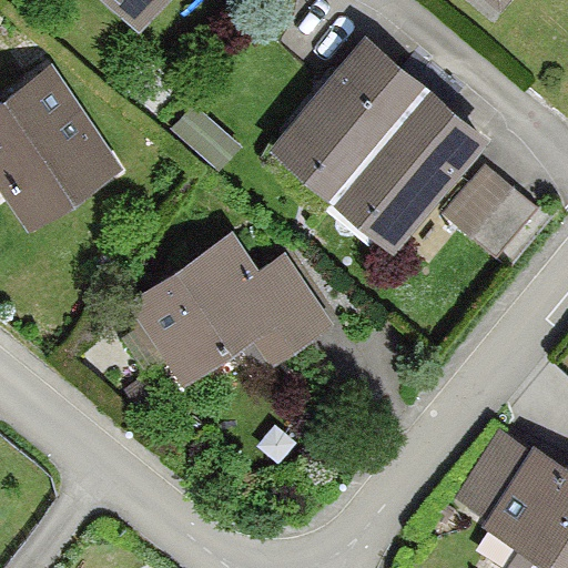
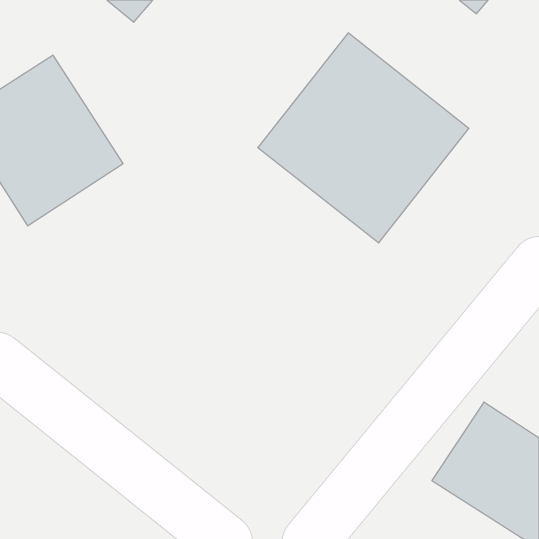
building: [442,165,537,260] -> none
building: [125,232,329,385] -> none

